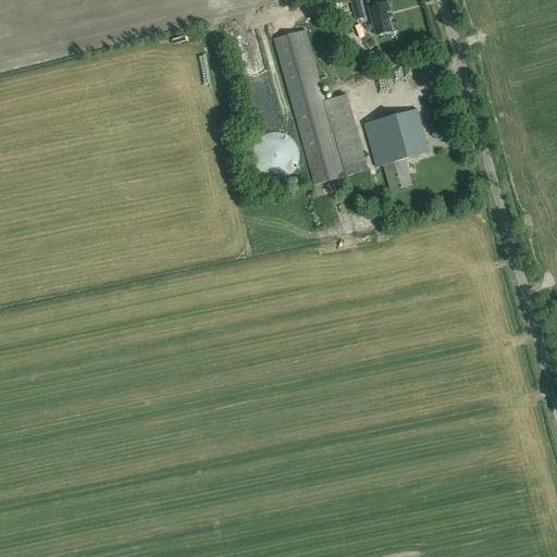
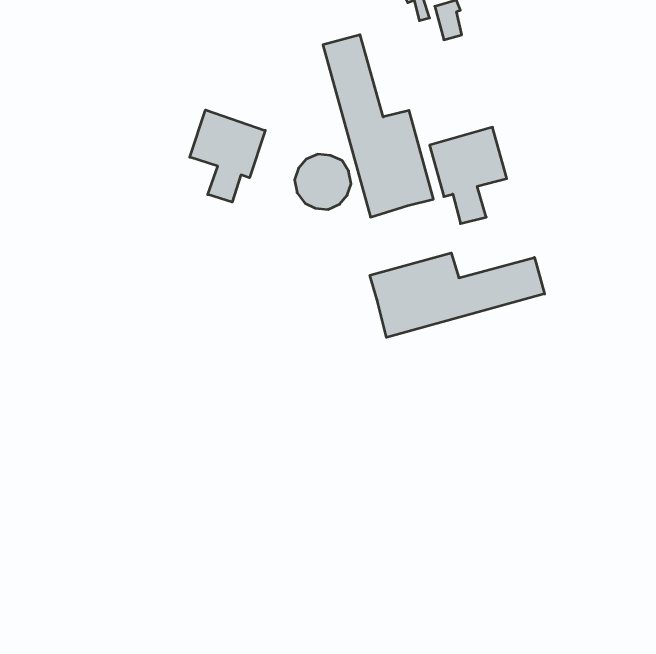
building: none -> [190,110,265,202]
building: none -> [370,253,545,337]

